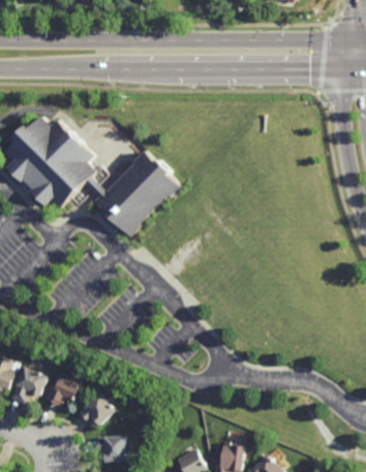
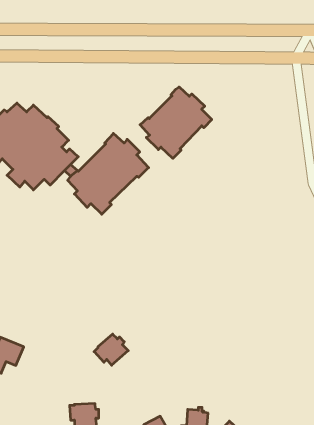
building: none -> [140,87,212,158]
building: [47,373,82,404] -> none
building: [81,391,117,424] -> [94,334,128,365]

